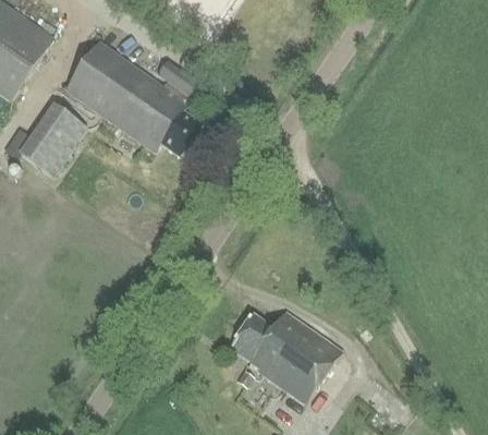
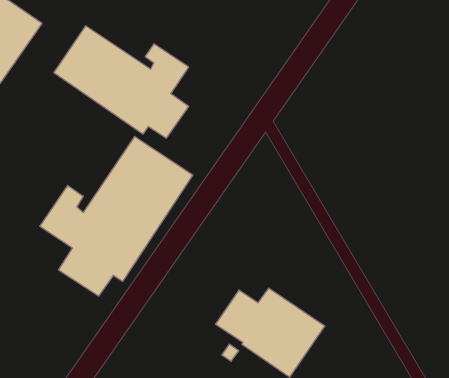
building: [17,101,82,171] -> none
building: none -> [40,136,193,296]

